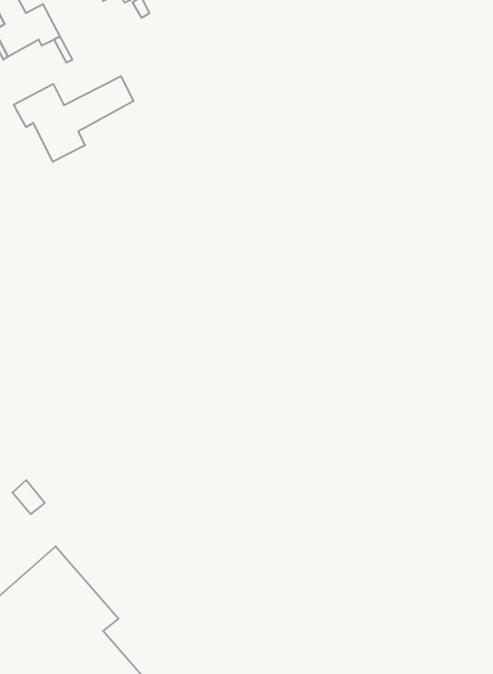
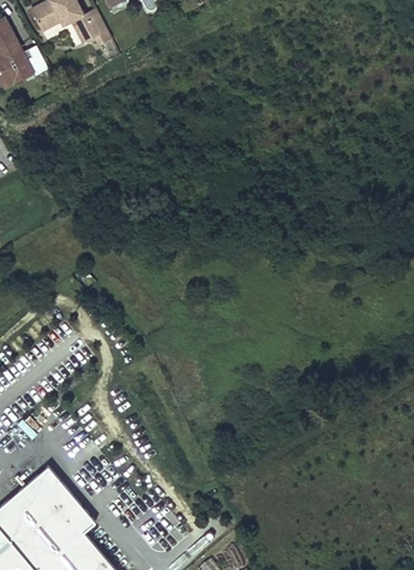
building: [14,76,133,162] -> none

